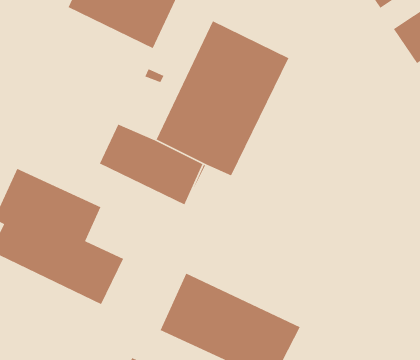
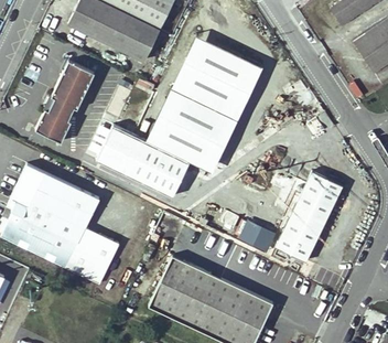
building: none -> [36,61,96,143]
building: none -> [276,170,342,260]
building: none -> [238,218,276,249]

